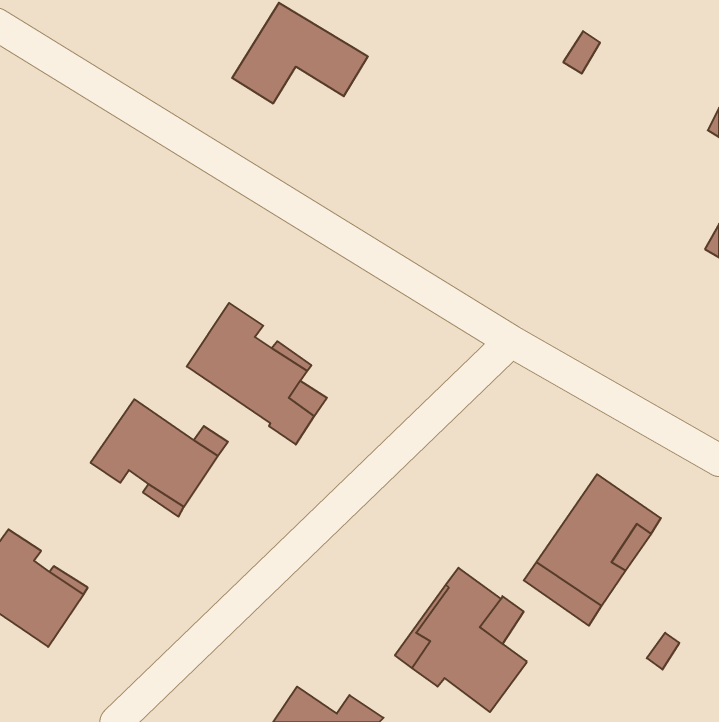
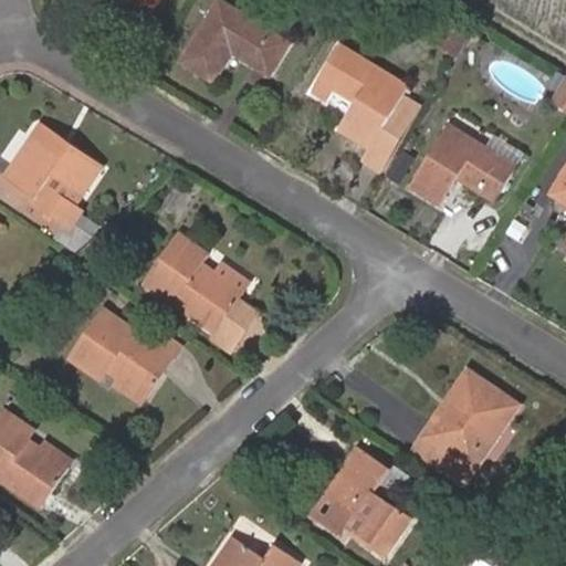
building: none -> [314,46,418,170]
building: none -> [411,126,513,203]
building: none -> [4,127,103,249]

